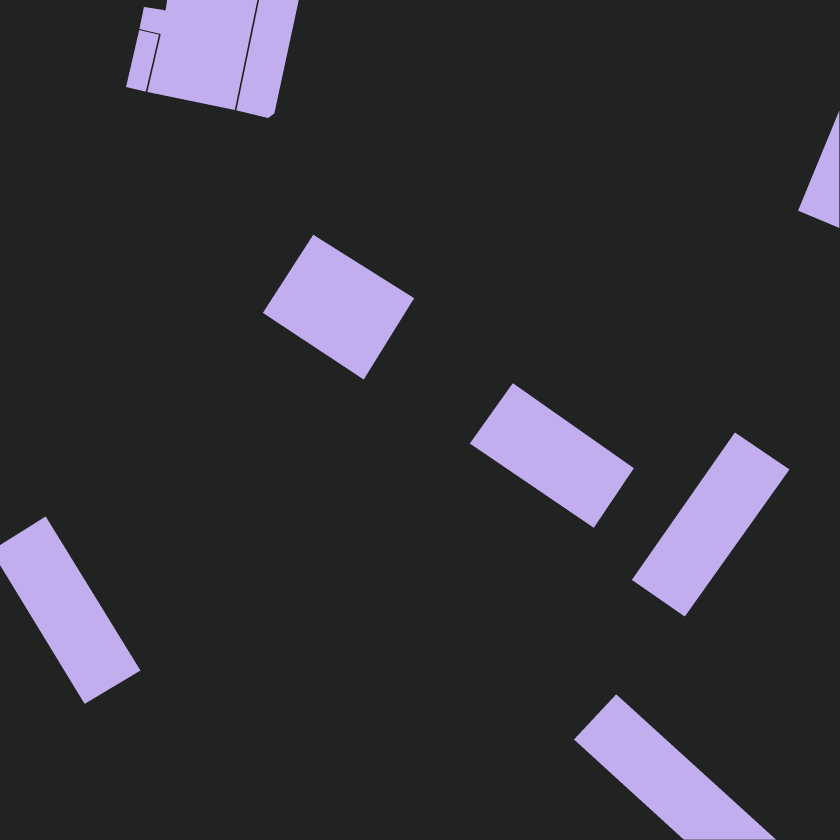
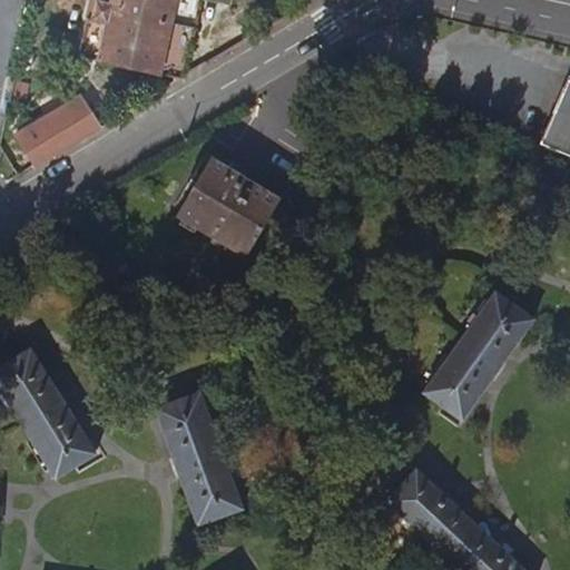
building: none -> [16,97,100,168]
building: [469,382,635,529] -> none
building: none -> [158,393,242,523]

